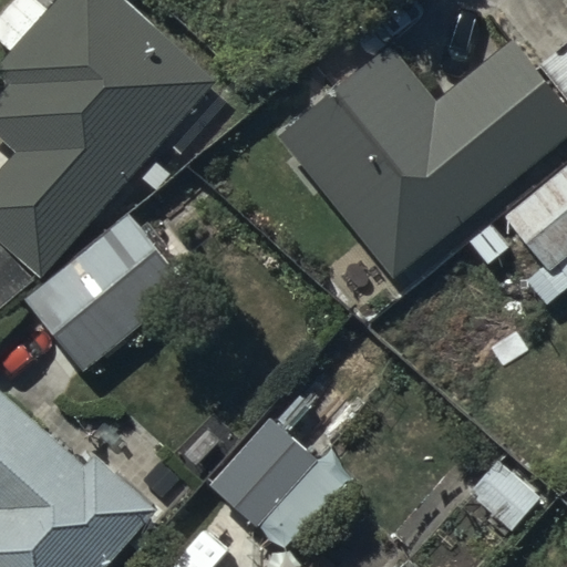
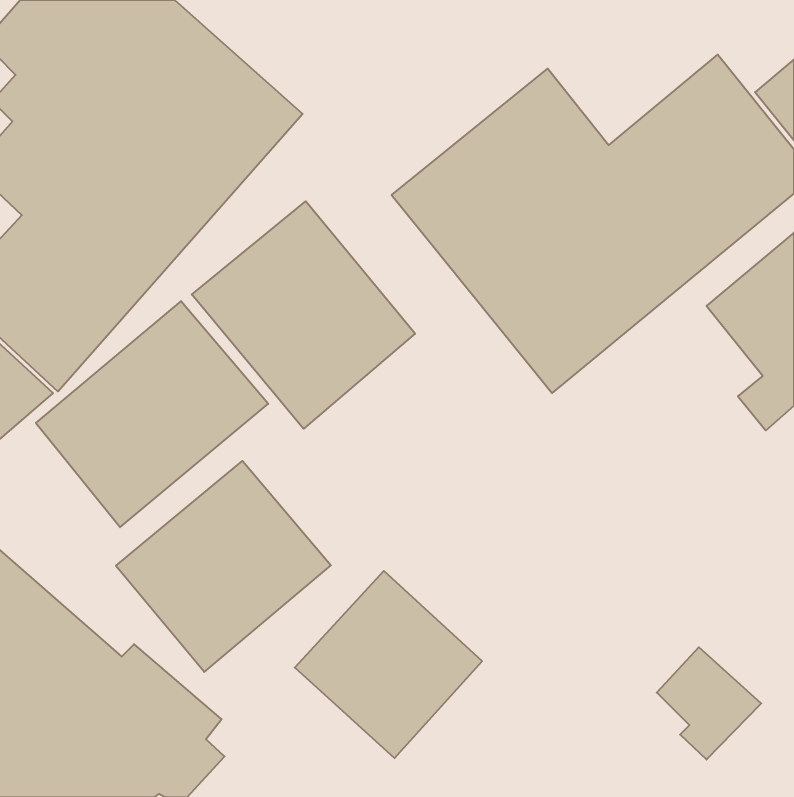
building: none -> [192,201,415,429]
building: none -> [116,461,331,672]

